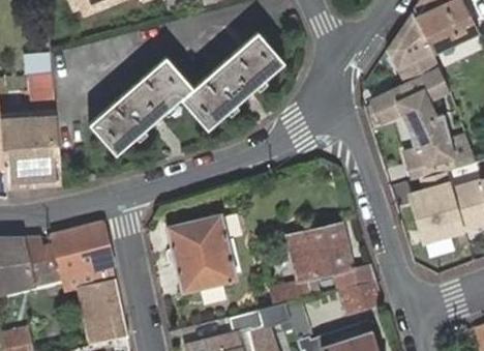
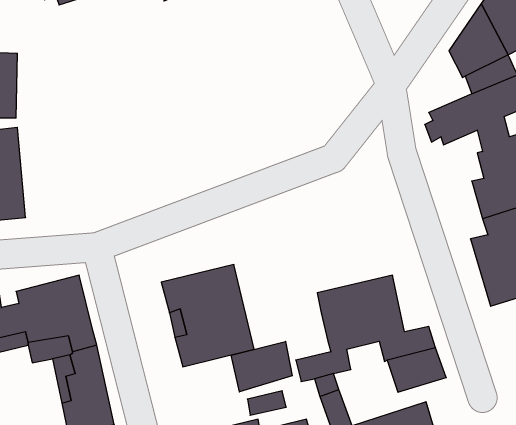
building: [87,32,284,156] -> none
building: none -> [231,341,292,392]

